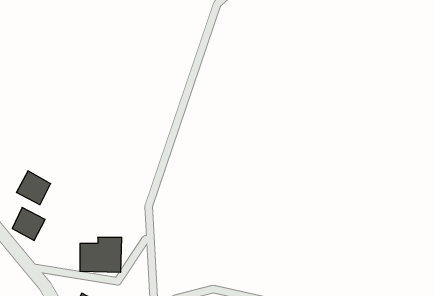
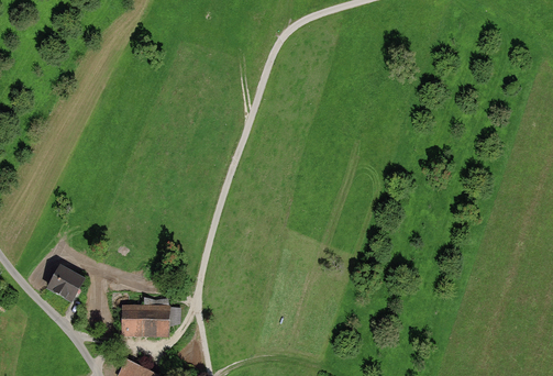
building: [17,171,51,205] -> none

